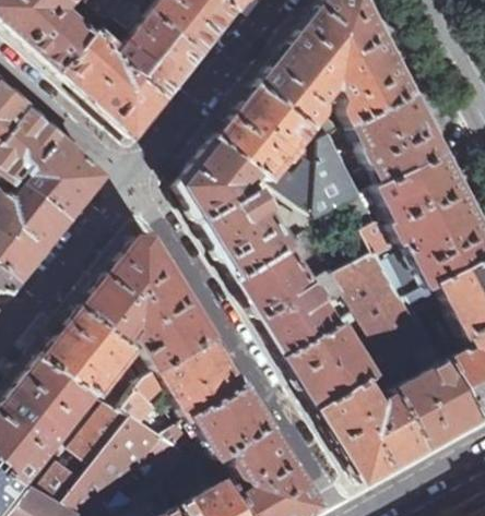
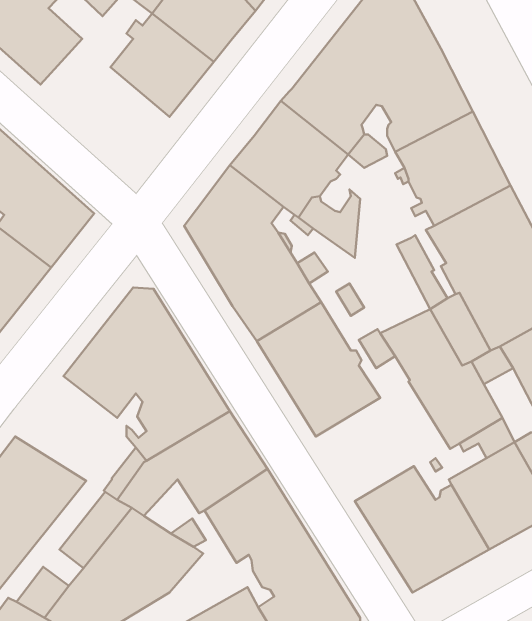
building: [62,29,167,136] -> none
building: [318,149,364,217] -> none
building: [42,308,132,394] -> none
building: [286,323,375,409] -> none

